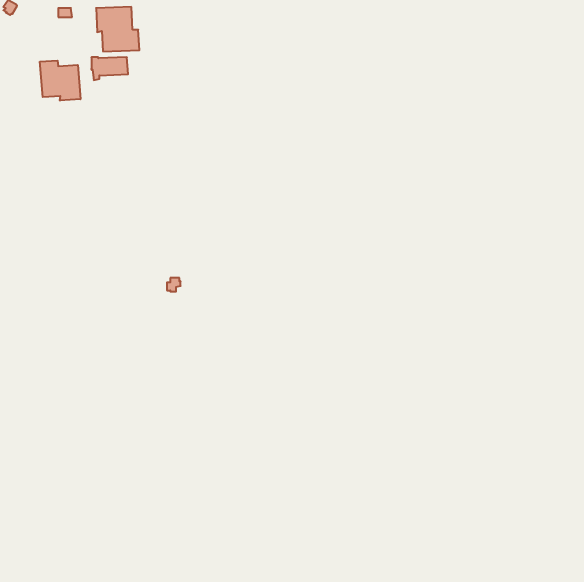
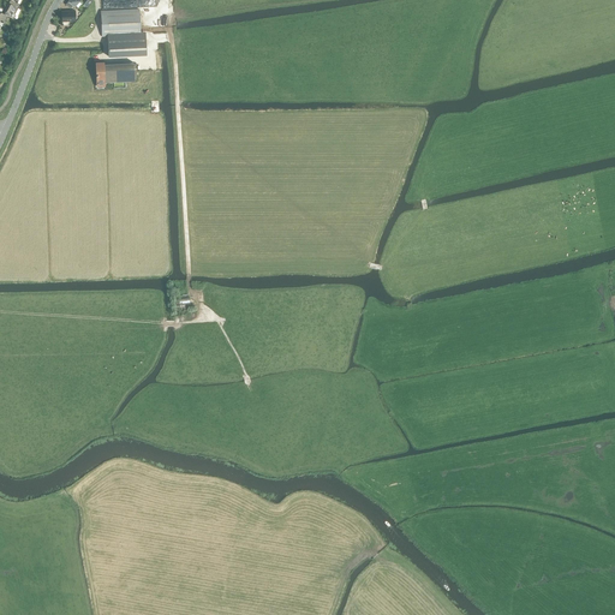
building: [40,61,80,101] -> none

